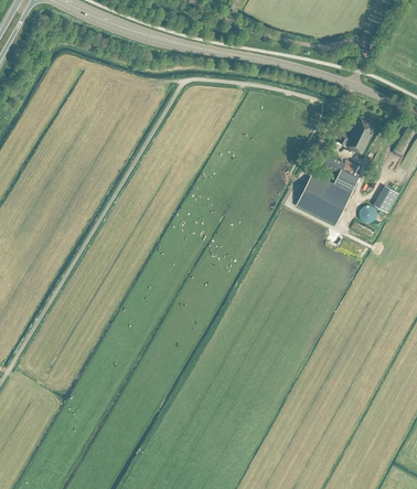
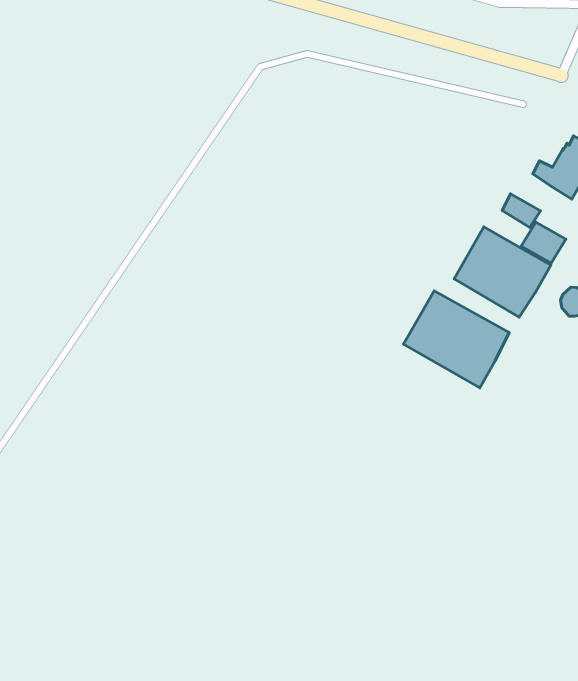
building: none -> [404,291,509,388]

